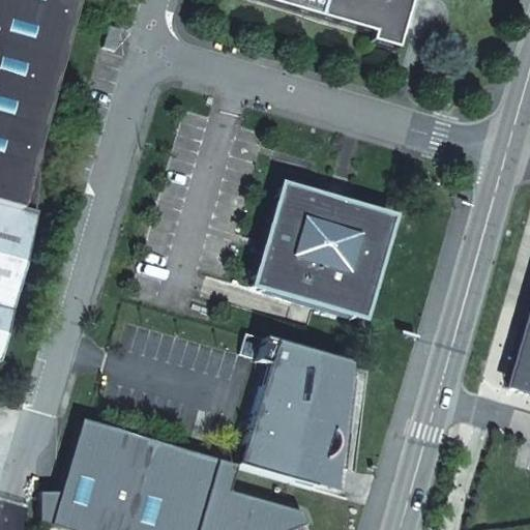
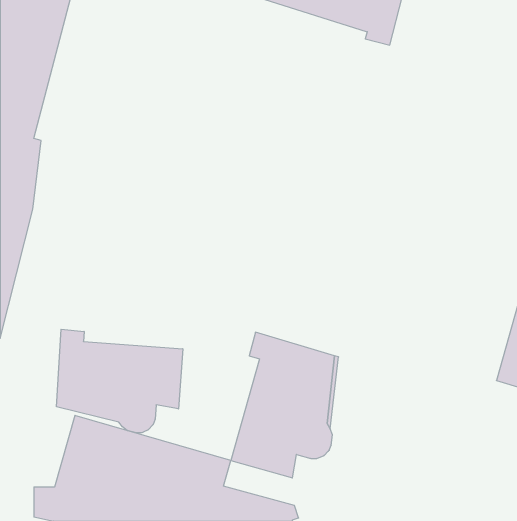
building: [256,185,395,318] -> none
building: none -> [57,329,183,433]
building: [302,455,338,491] -> none

